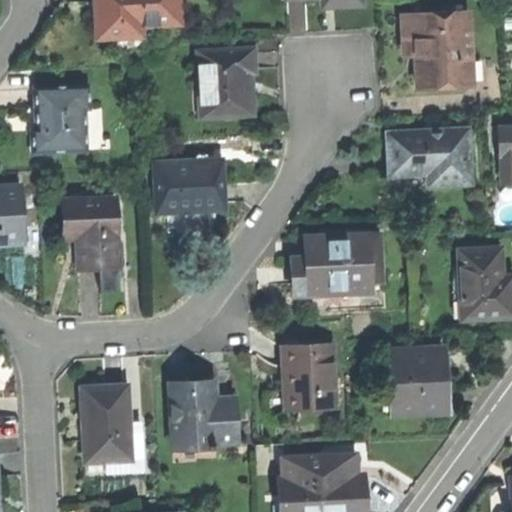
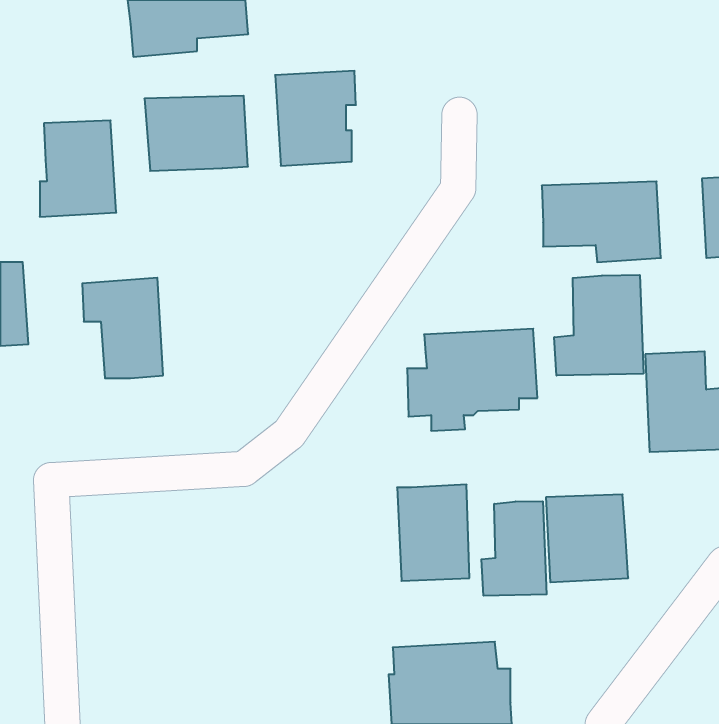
building: [401,11,470,87] -> none
building: [152,160,225,213] -> [144,96,248,171]
building: none -> [554,275,643,376]
building: none -> [481,501,547,596]
building: [170,379,236,445] -> none
building: [83,383,143,472] -> none

